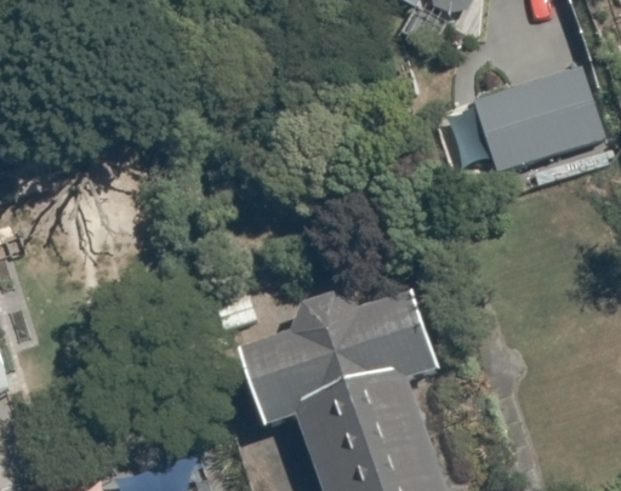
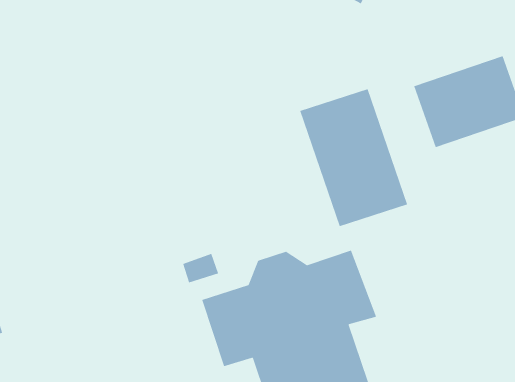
building: none -> [299,88,408,227]

